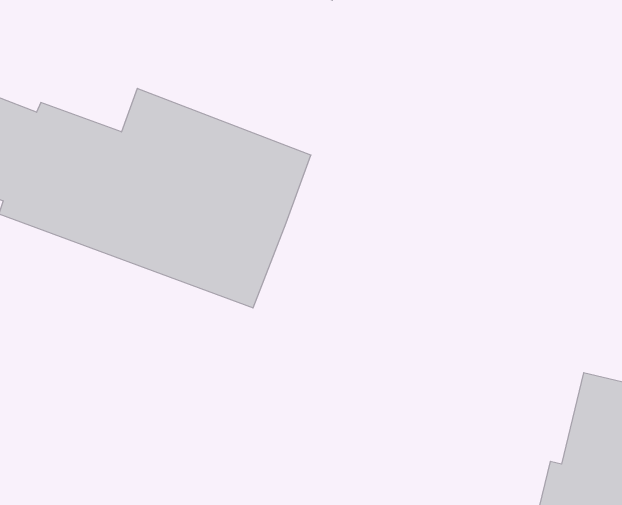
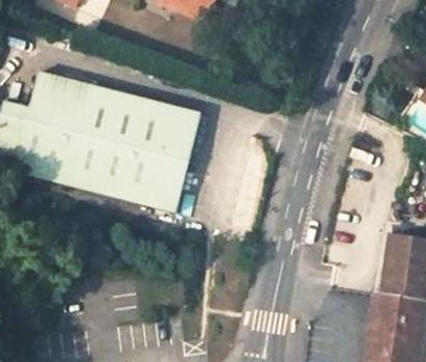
building: none -> [33,71,92,112]

